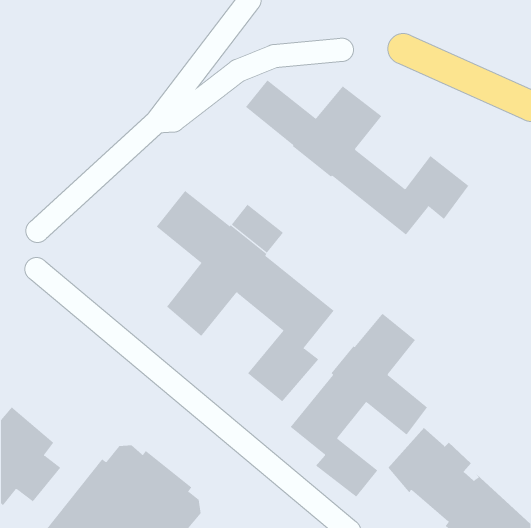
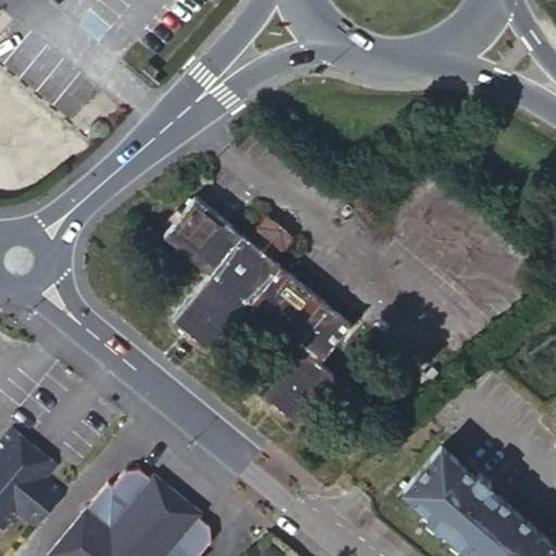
building: [245,80,469,236] -> none
building: [290,313,428,498] -> none

